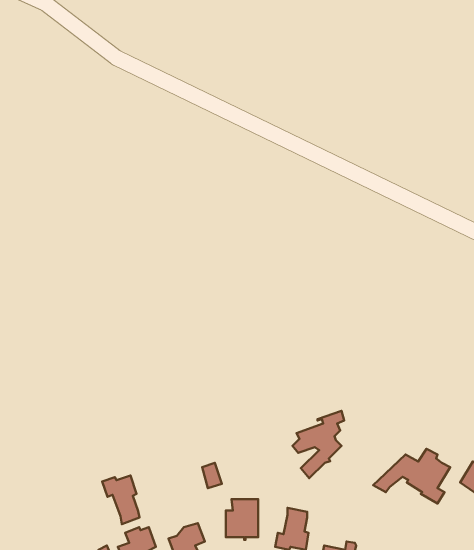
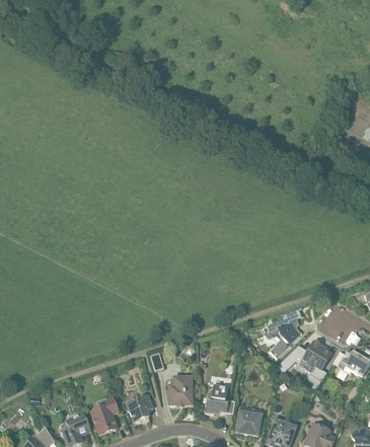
building: [292,411,344,478] -> [264,309,301,358]
building: [102,476,139,524] -> none

